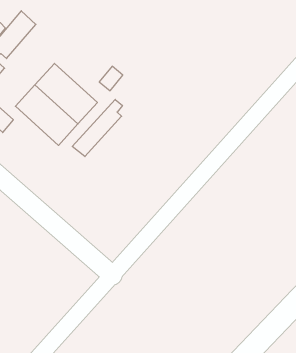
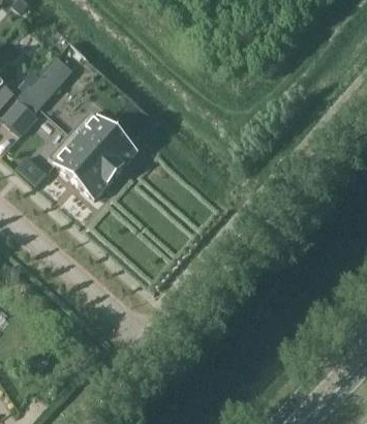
building: [72,99,122,157] -> none

